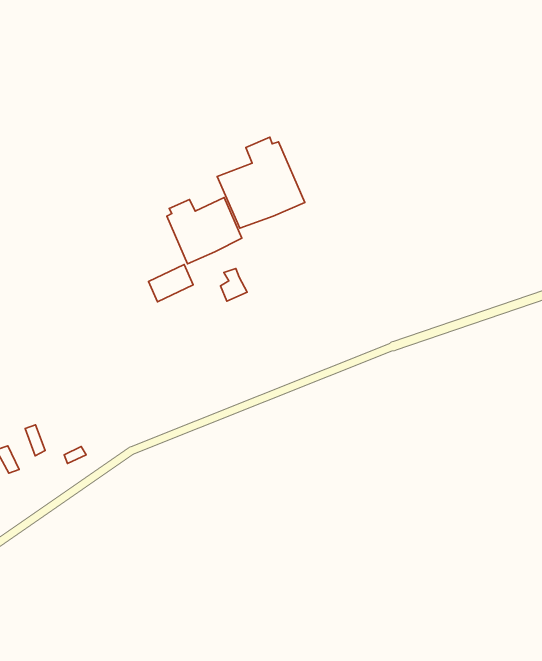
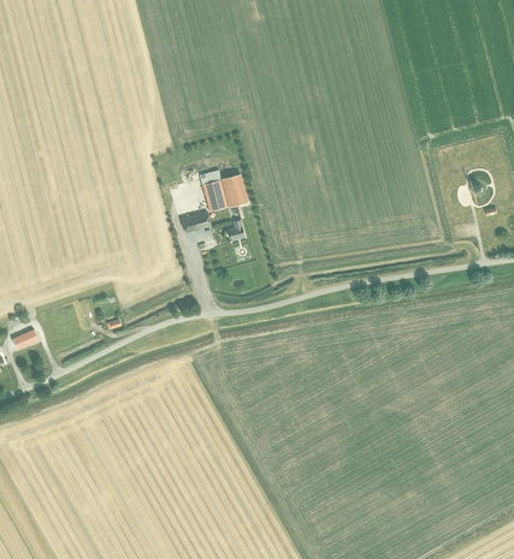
building: [217,137,305,228] -> none

